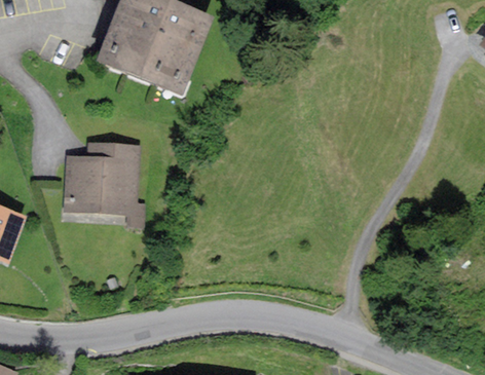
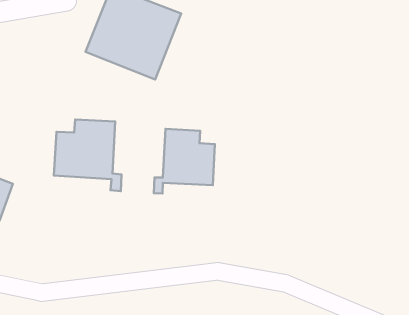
building: none -> [154,129,215,193]

